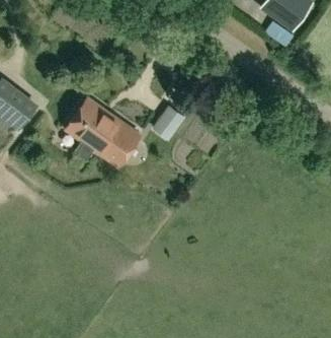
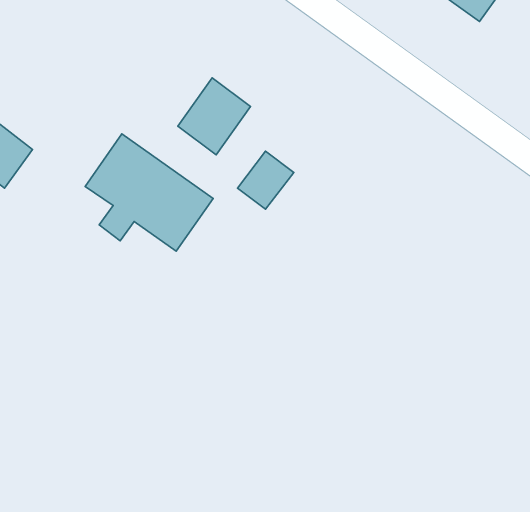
building: none -> [178,78,250,155]

